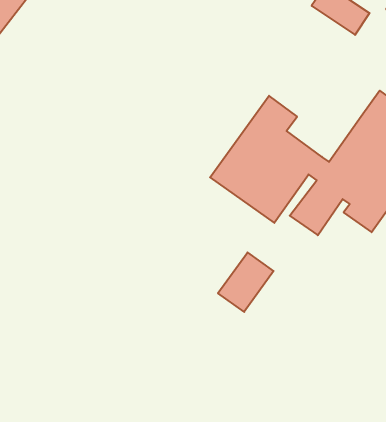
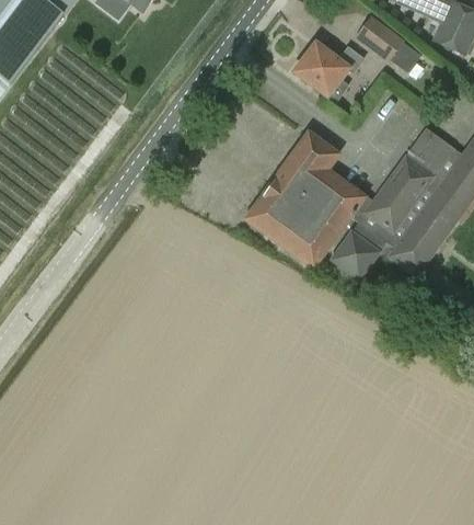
building: none -> [294,44,365,94]
building: [218,252,274,312] -> none

